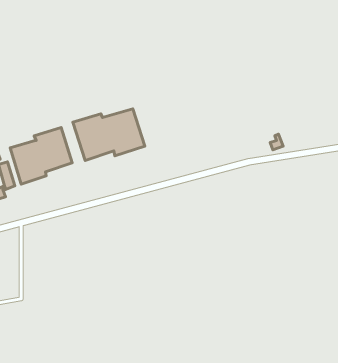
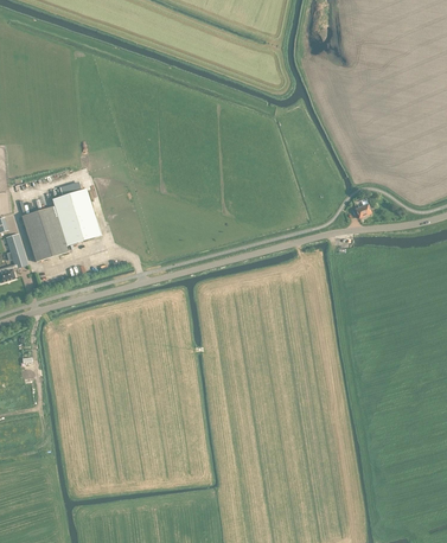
building: [73,109,145,161] -> none

